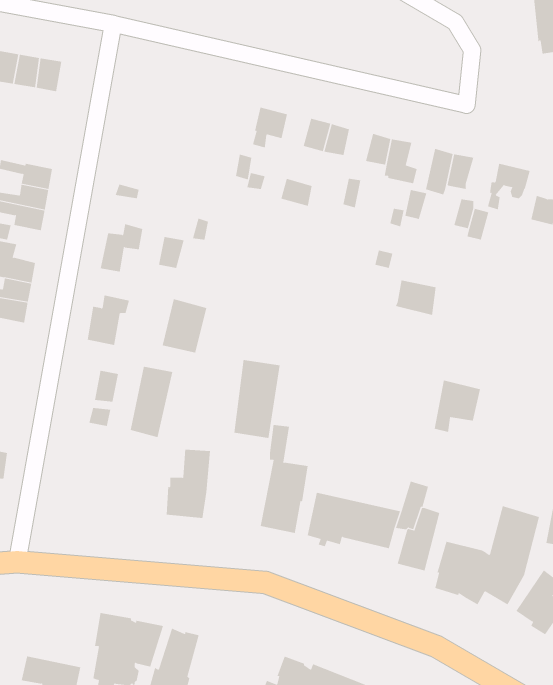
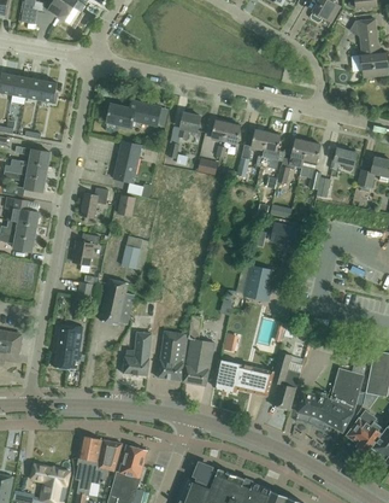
building: none -> [105,101,161,133]
building: none -> [113,141,141,183]
building: [234,359,281,438] -> [158,331,188,381]
building: [434,380,481,433] -> [243,264,273,298]
building: none -> [52,323,82,369]

